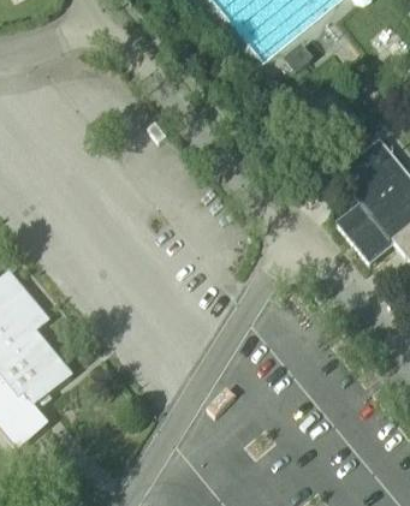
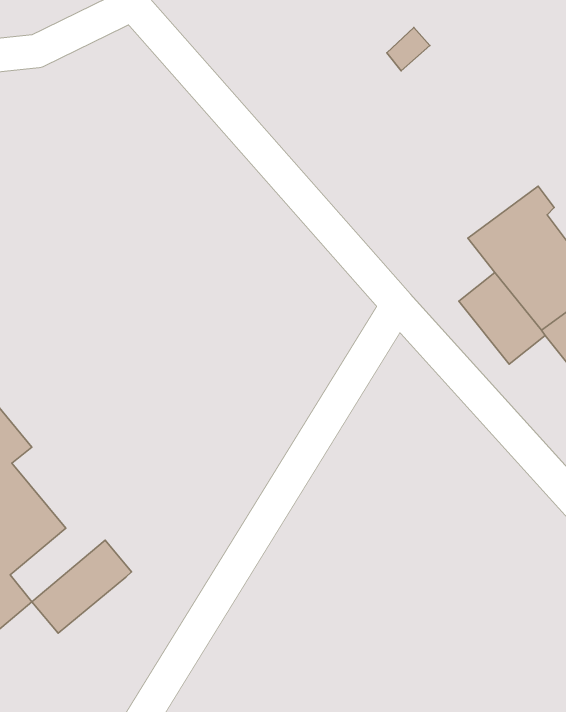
building: none -> [32,540,132,633]

